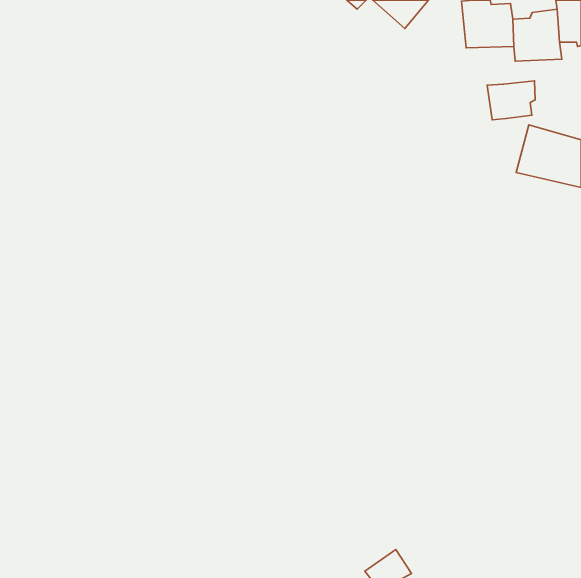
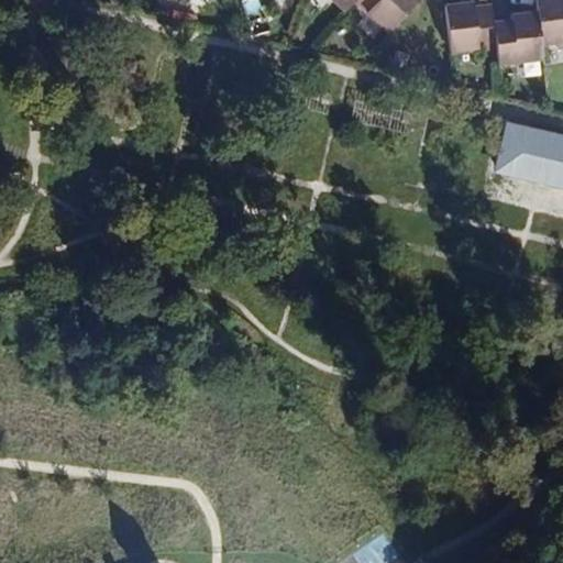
building: [487,81,535,120] -> none

